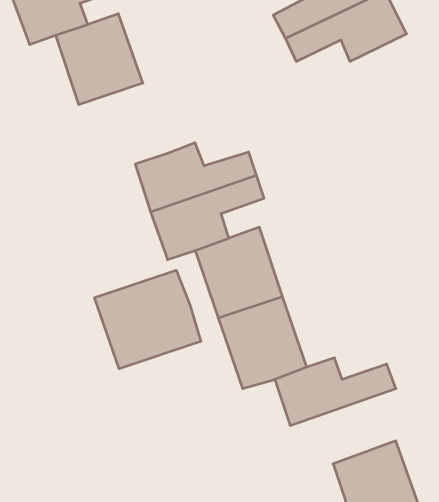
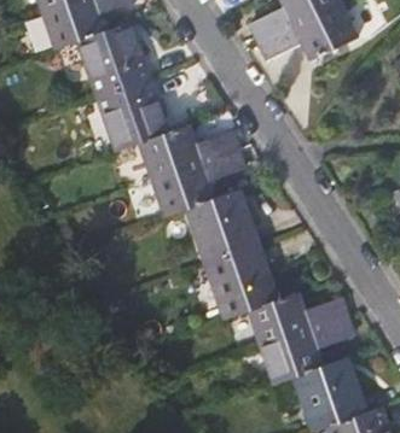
building: none -> [95,77,166,151]
building: [95,270,201,369] -> none
building: none -> [262,317,352,382]

